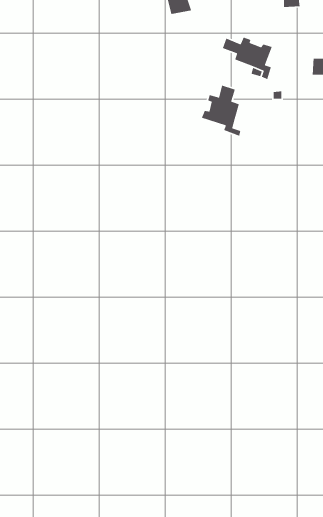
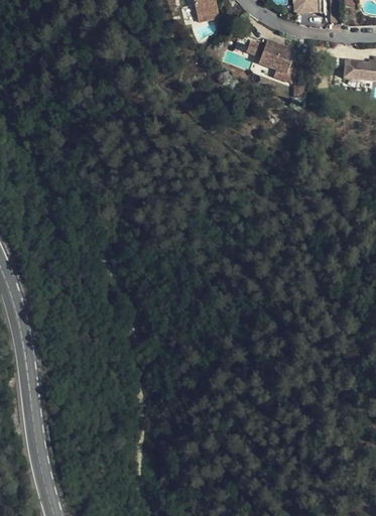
building: [201,84,241,137] -> none

